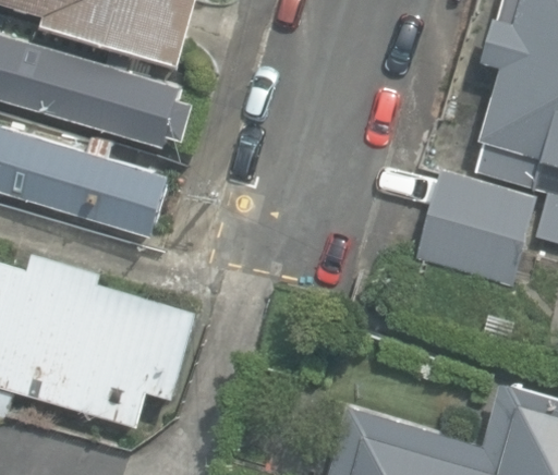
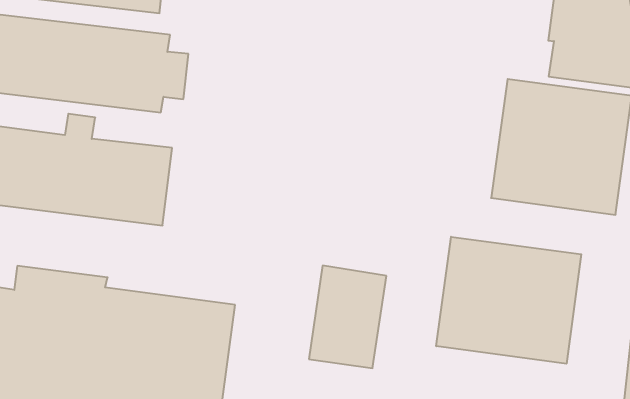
building: none -> [436,237,581,364]

